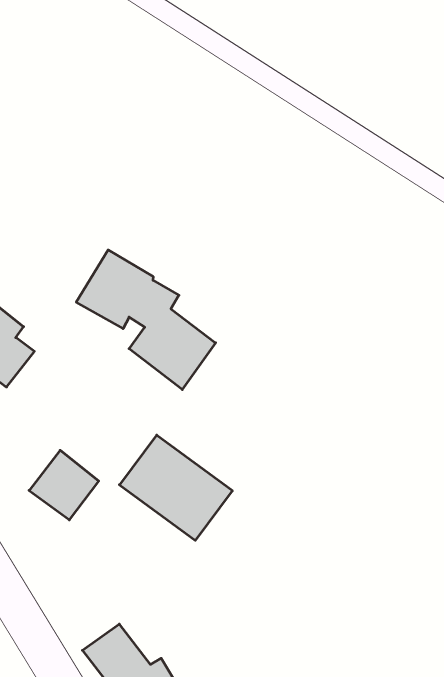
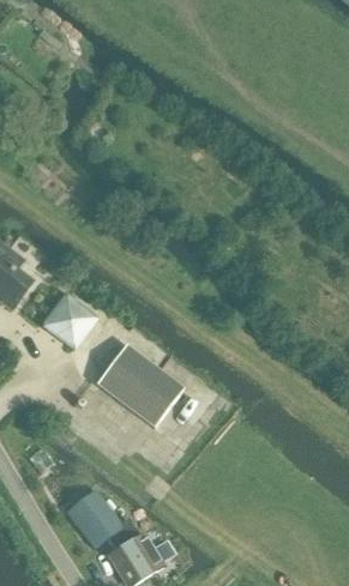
building: [76,250,216,390] -> none
building: [29,450,99,520] -> [41,294,95,348]

